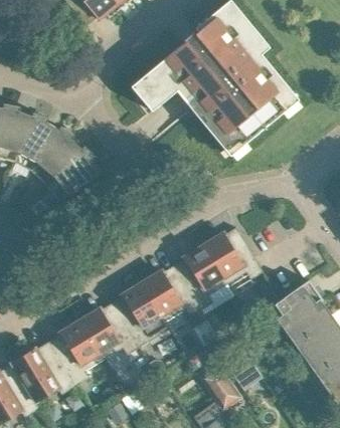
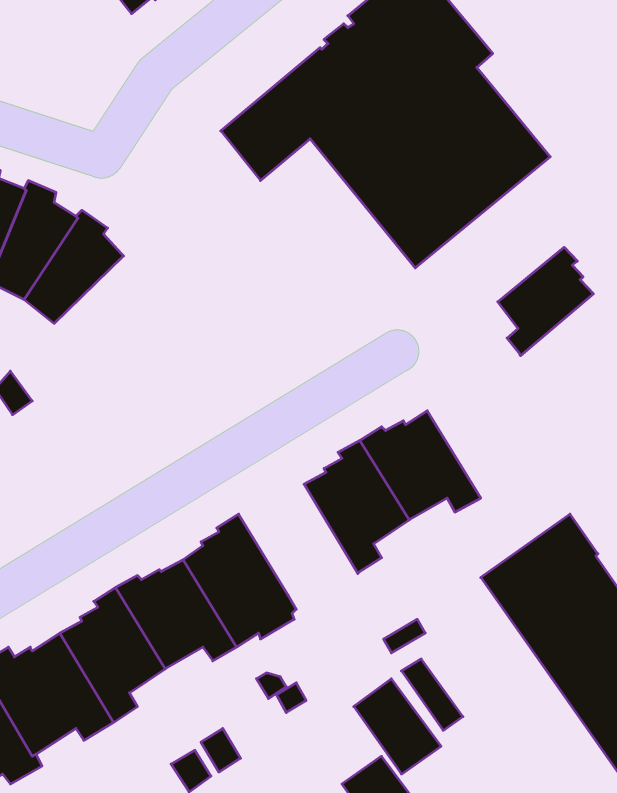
building: none -> [498,247,593,356]
building: [46,145,101,199] -> none
building: [140,264,207,328] -> none

